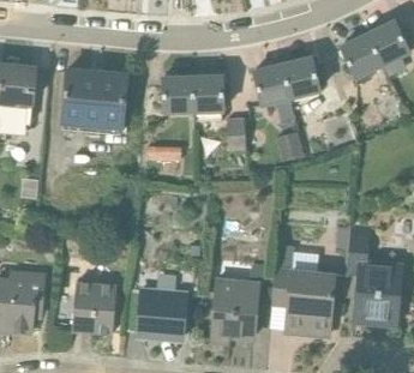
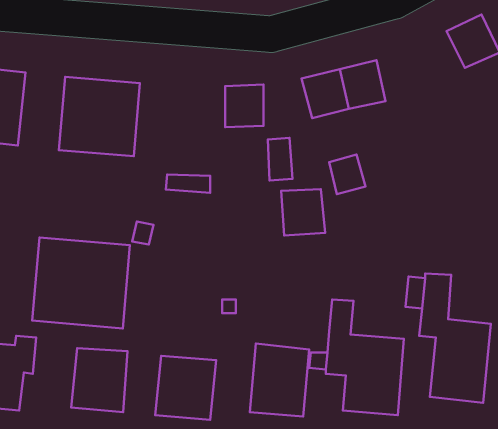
building: [341,35,382,77] -> none
building: [163,78,193,110] -> none
building: none -> [281,189,325,236]
building: none -> [32,237,130,328]

